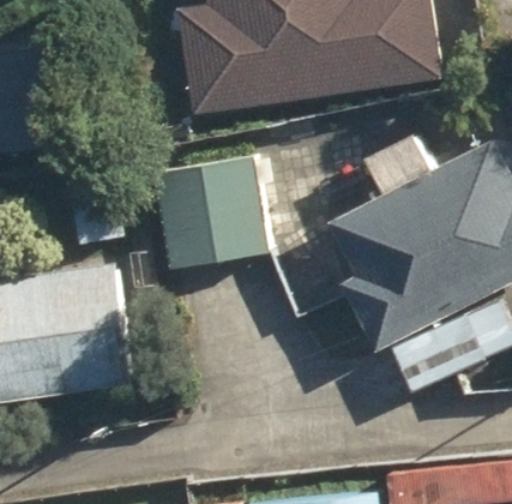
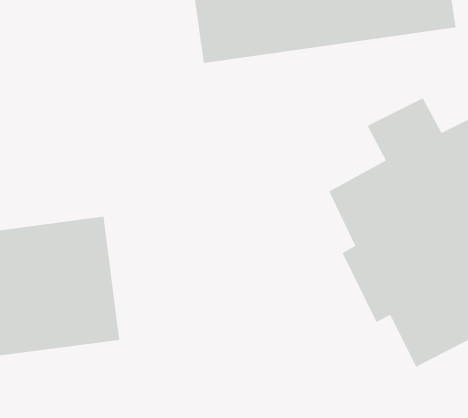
building: [147,168,270,282] -> none

